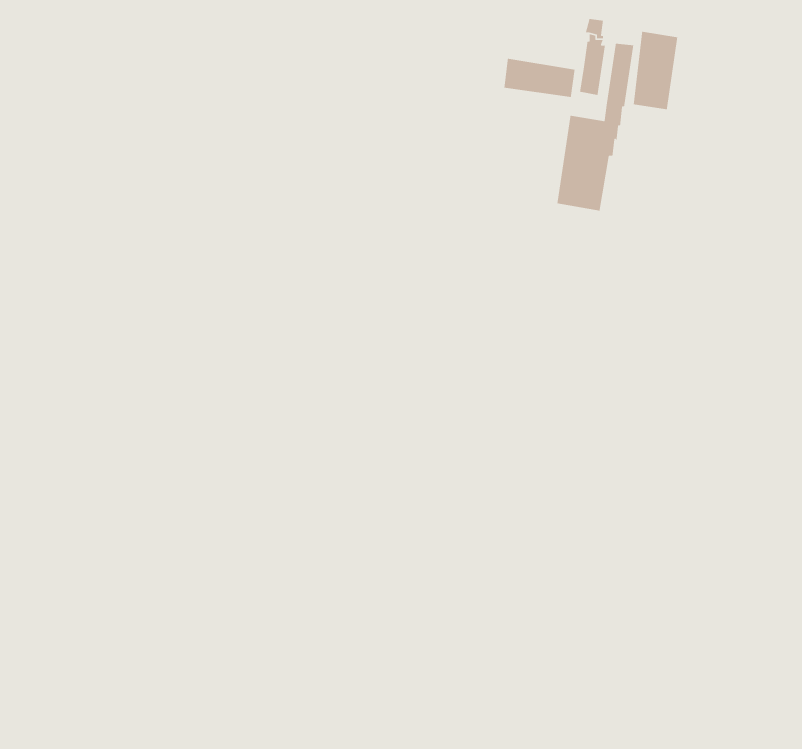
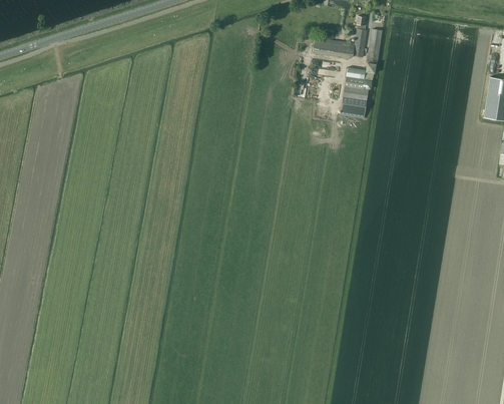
building: [633,31,678,110] -> none

